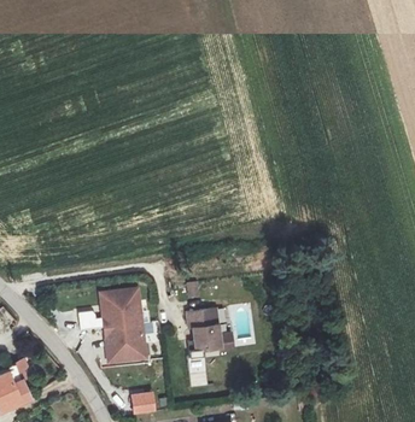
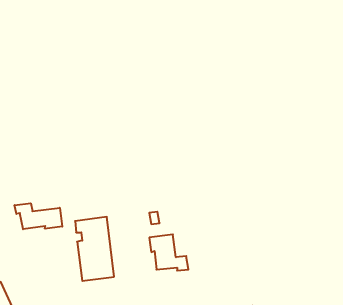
building: none -> [15,203,62,229]

